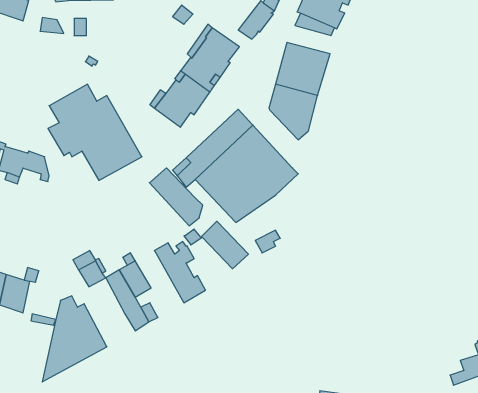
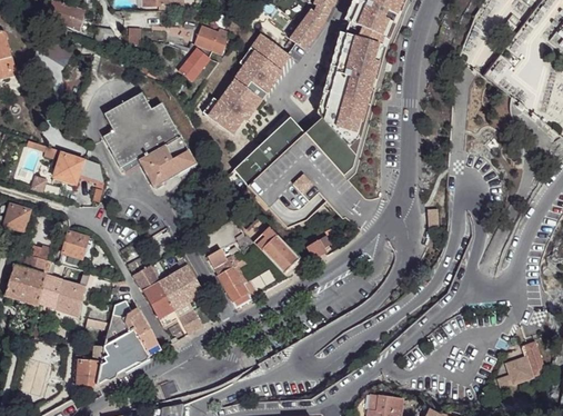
building: none -> [179,26,234,81]
building: none -> [338,33,384,62]
building: [149,168,203,226] -> [304,118,356,175]
building: none -> [62,231,89,258]
building: none -> [143,283,179,327]
building: none -> [78,346,105,385]

